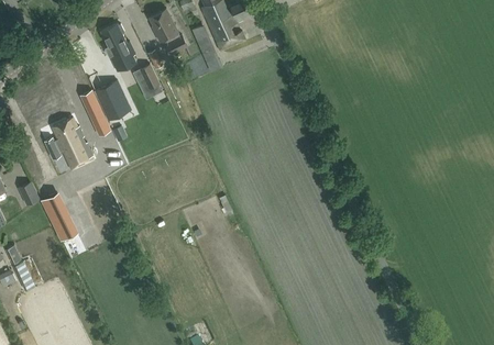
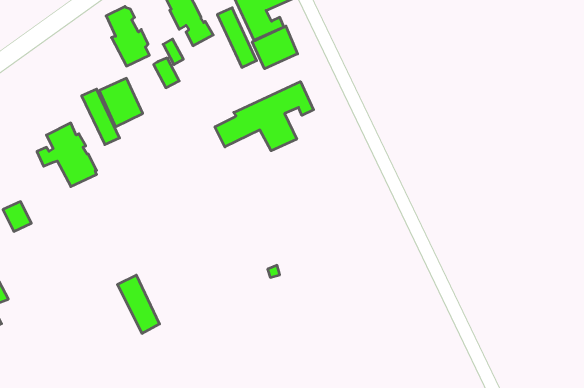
building: none -> [252,26,298,69]
building: none -> [215,82,314,151]
building: [41,192,75,240] -> [117,275,160,333]

